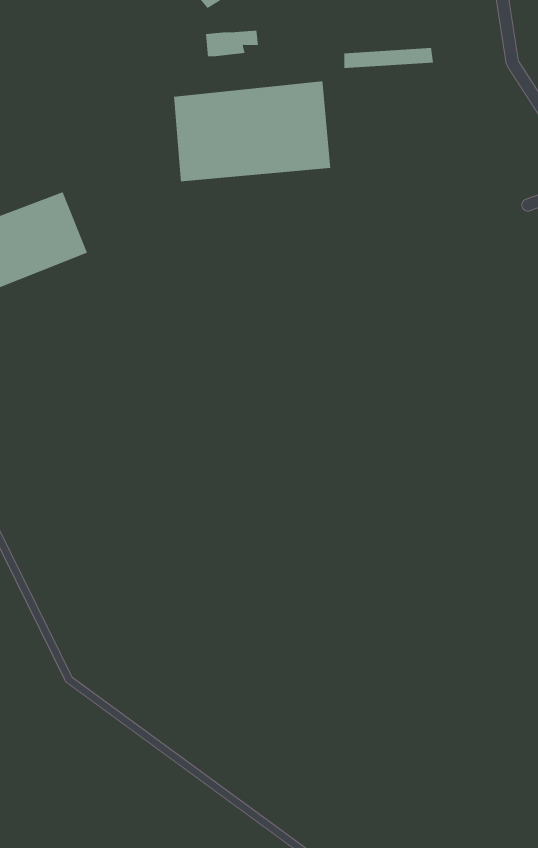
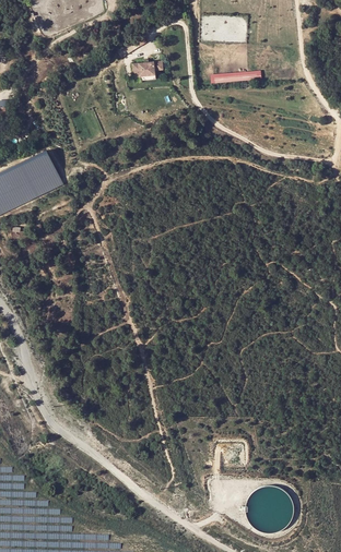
building: [174,80,331,182] -> none

